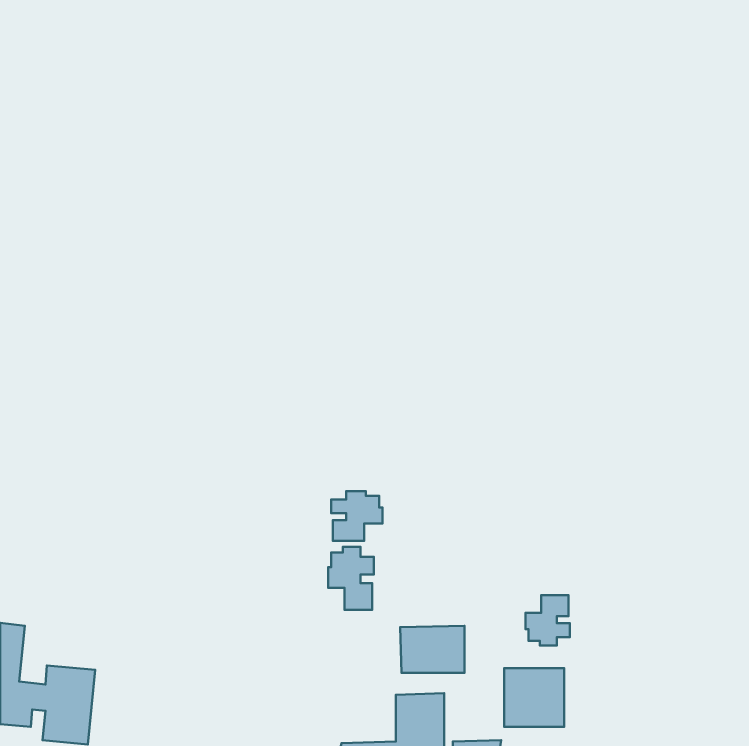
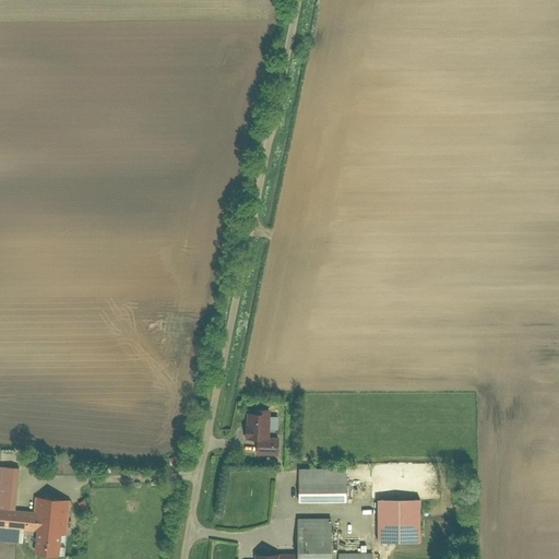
building: [331,491,382,541] -> none
building: [526,595,570,646] -> none

